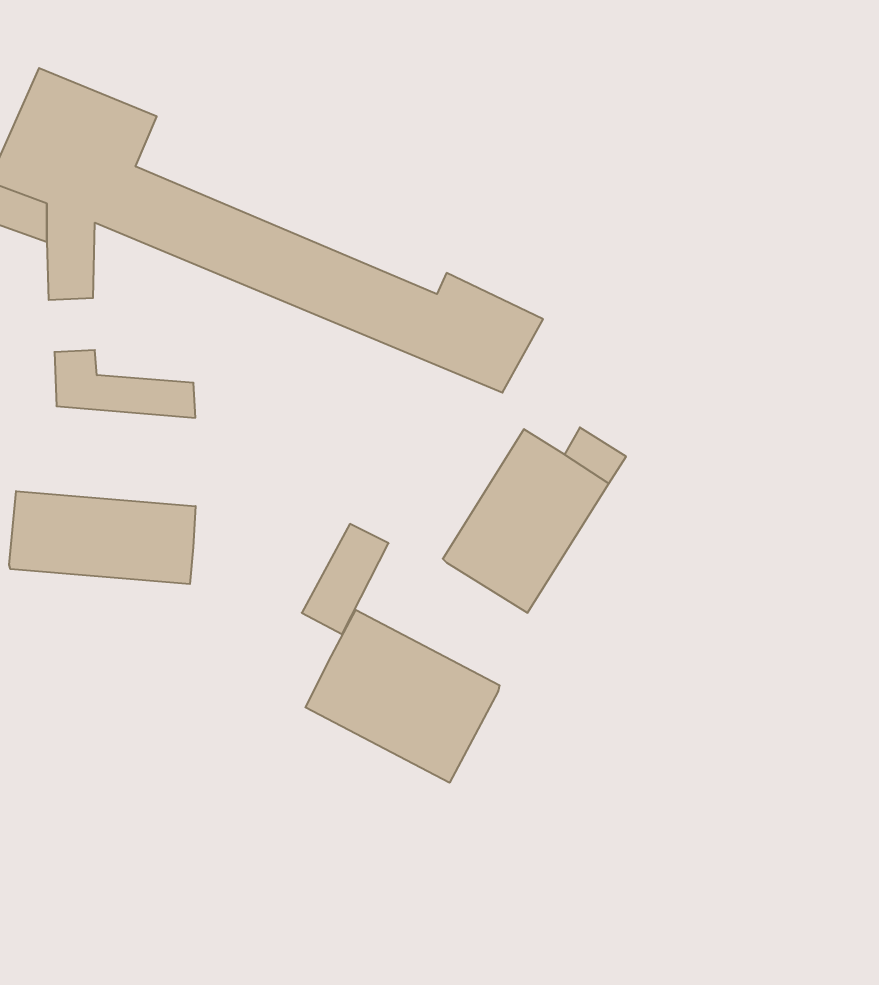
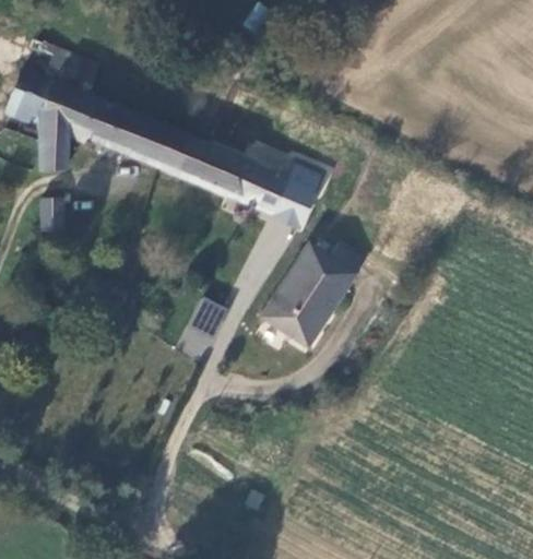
building: [9,491,196,584] -> none
building: [305,610,500,783] -> none

